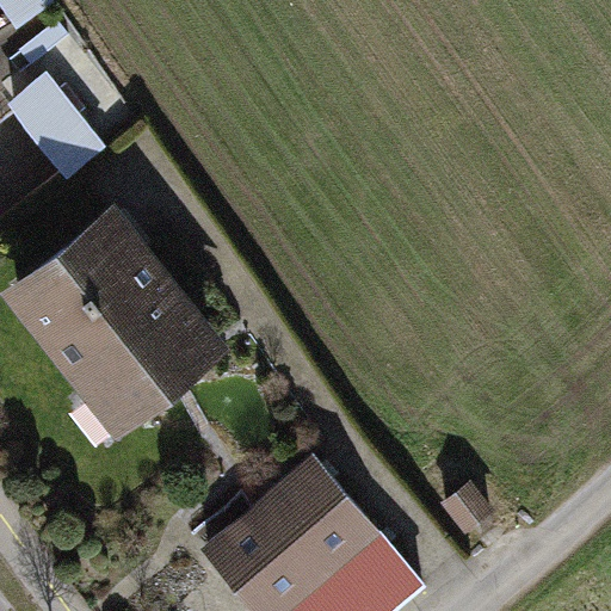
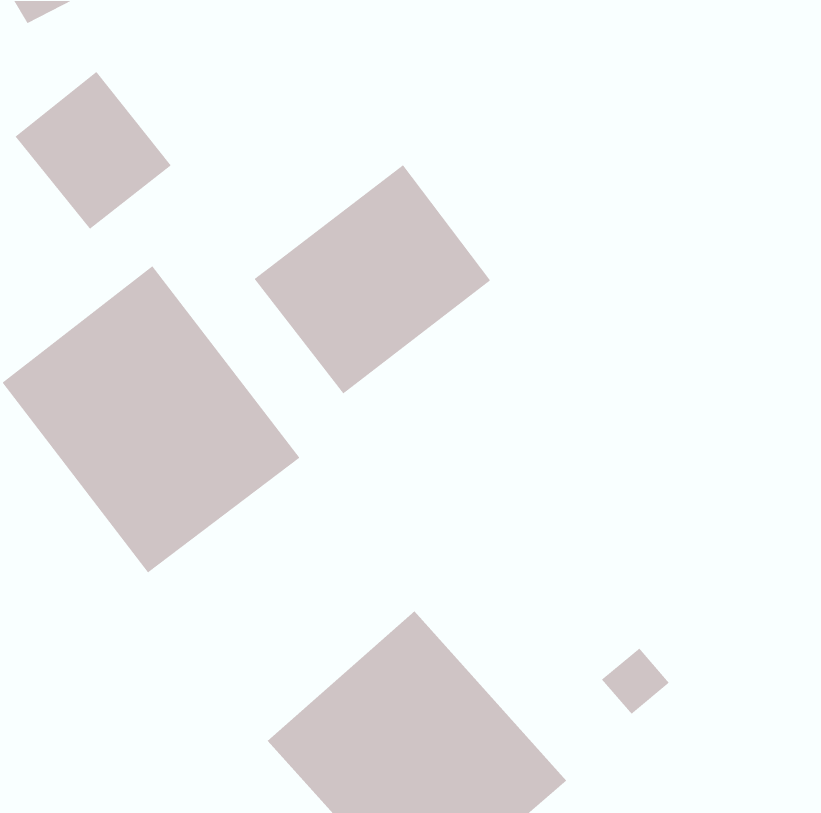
building: none -> [254,164,491,394]

